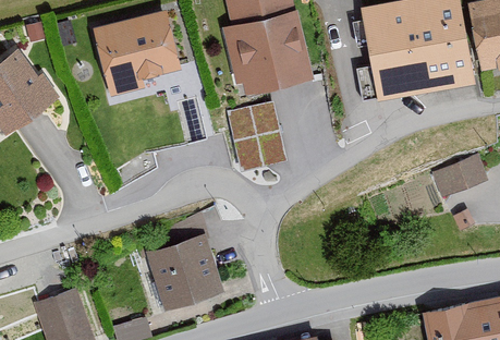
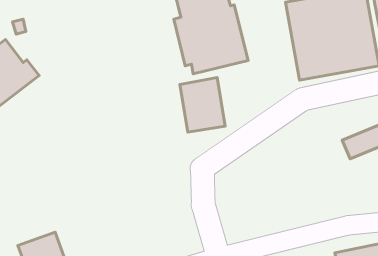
building: [92,10,182,97] -> none
building: [146,235,222,309] -> none

